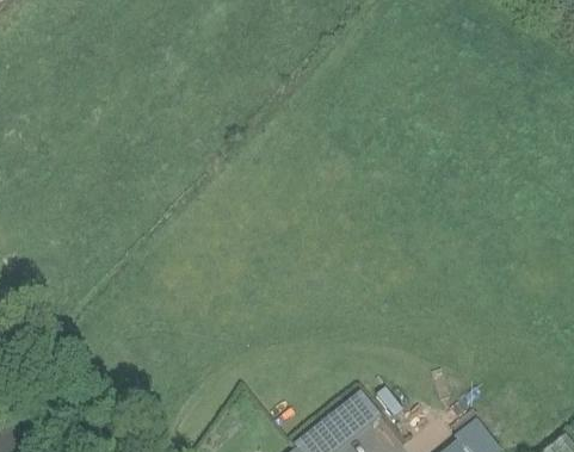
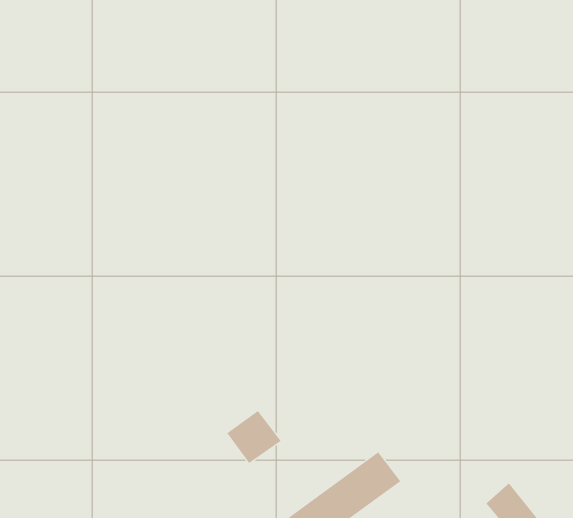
building: none -> [227,410,282,464]

